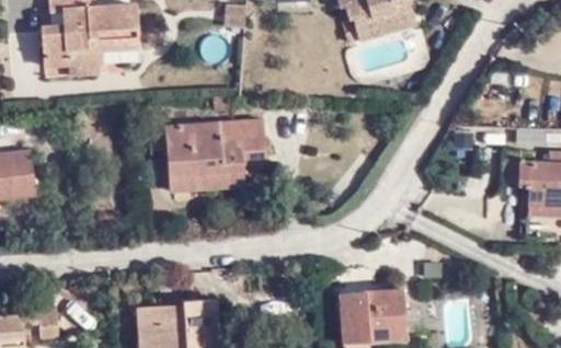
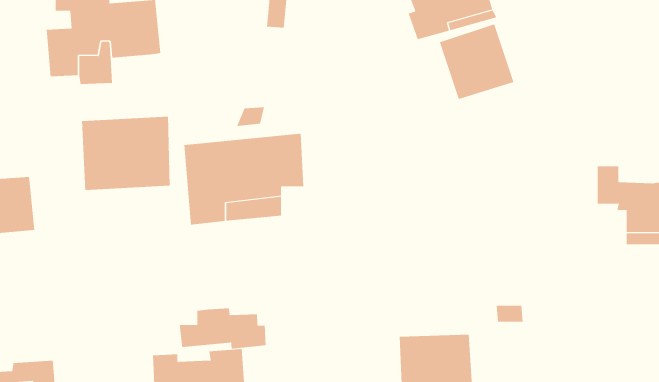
building: none -> [439,24,514,100]
building: none -> [81,116,170,191]
building: none -> [179,307,266,349]

